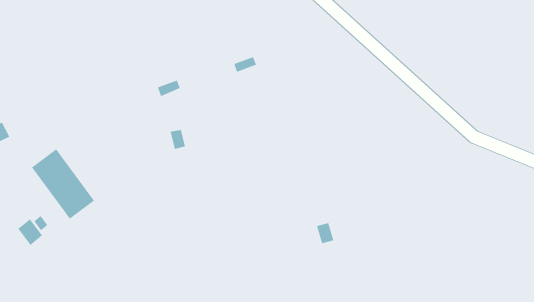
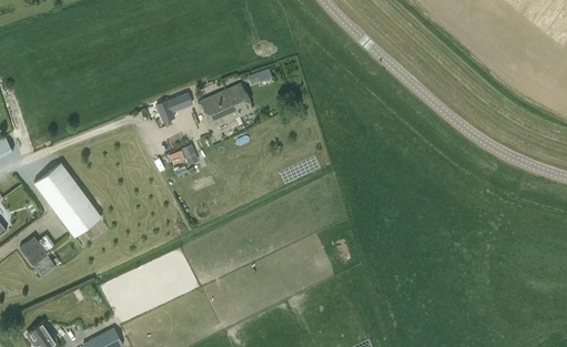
building: none -> [200,83,252,127]

